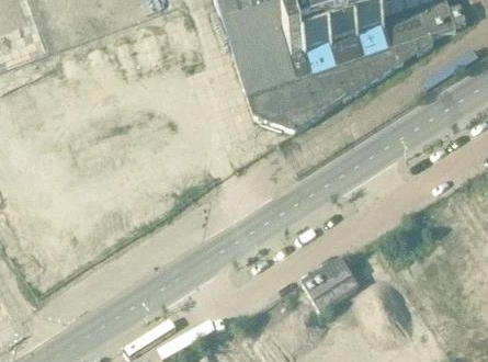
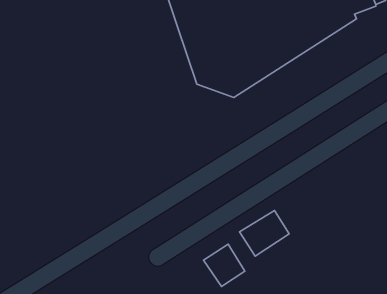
building: none -> [203,244,245,287]

